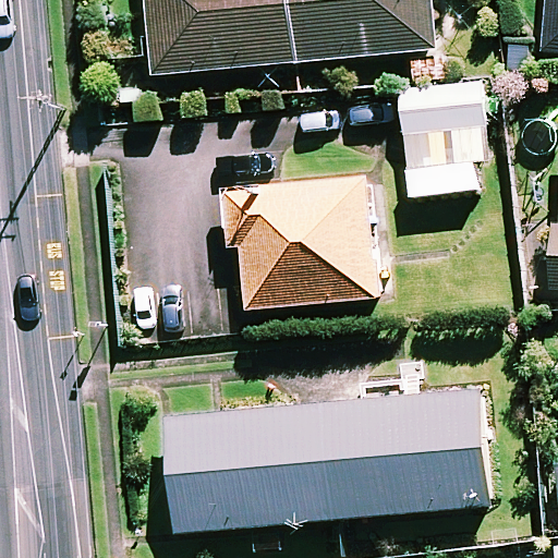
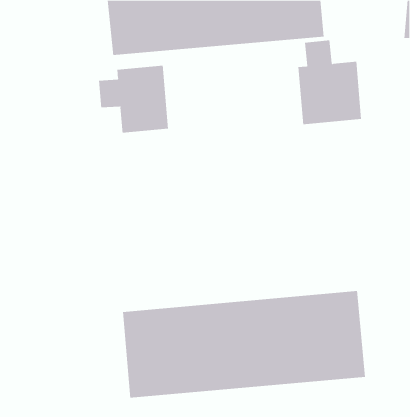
building: none -> [99,65,169,134]
building: [222,177,376,308] -> none

